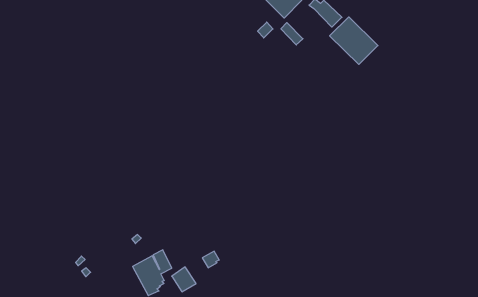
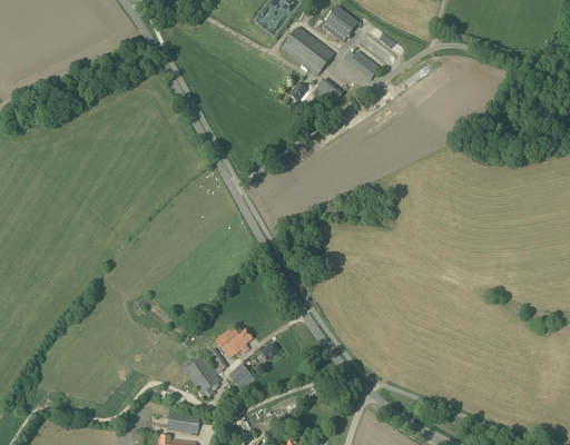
building: [330,17,378,64] -> none
building: none -> [214,326,252,357]

